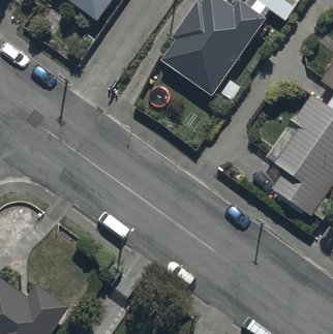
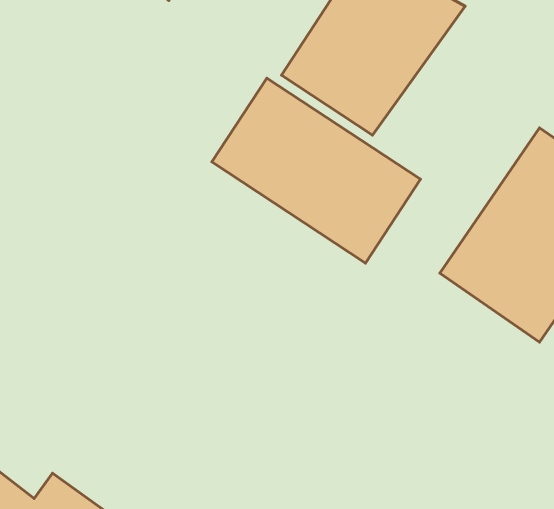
building: none -> [212,78,420,263]

